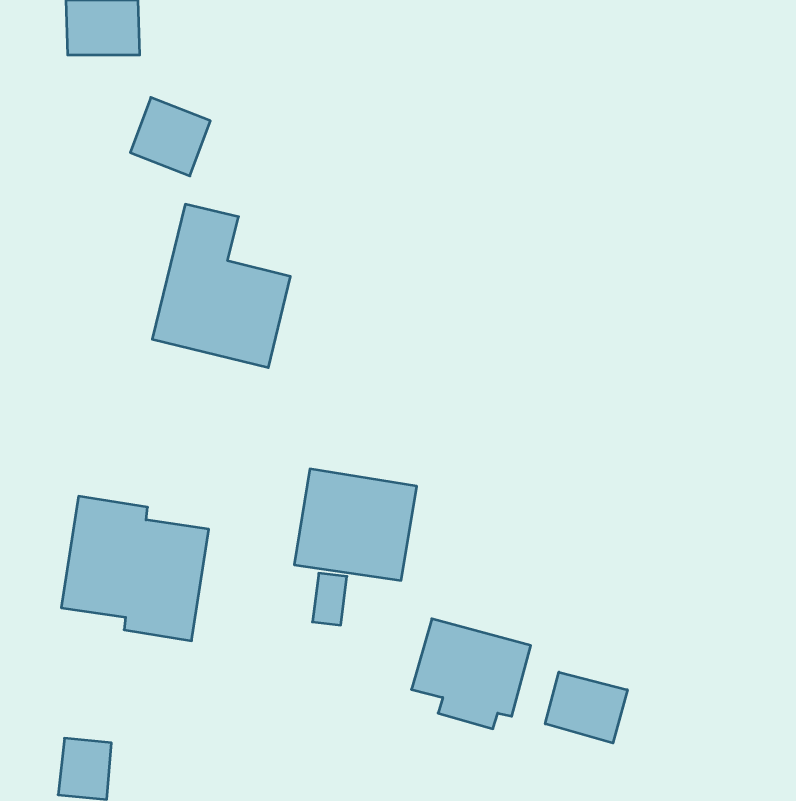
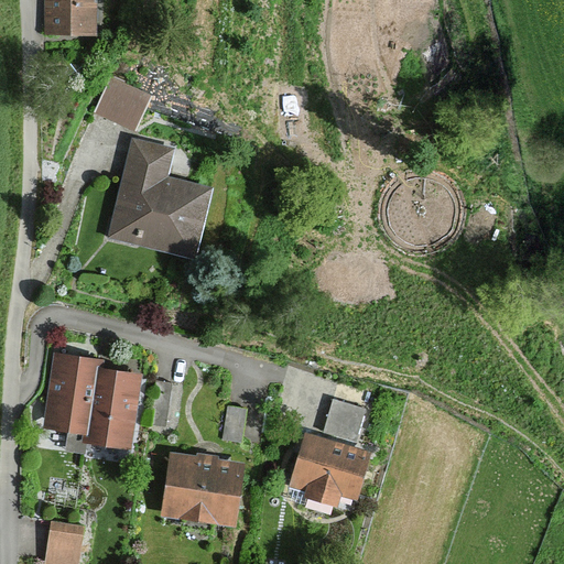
building: [294,469,417,580] -> [162,452,248,530]
building: none -> [323,395,364,435]
building: [545,672,627,743] -> none

